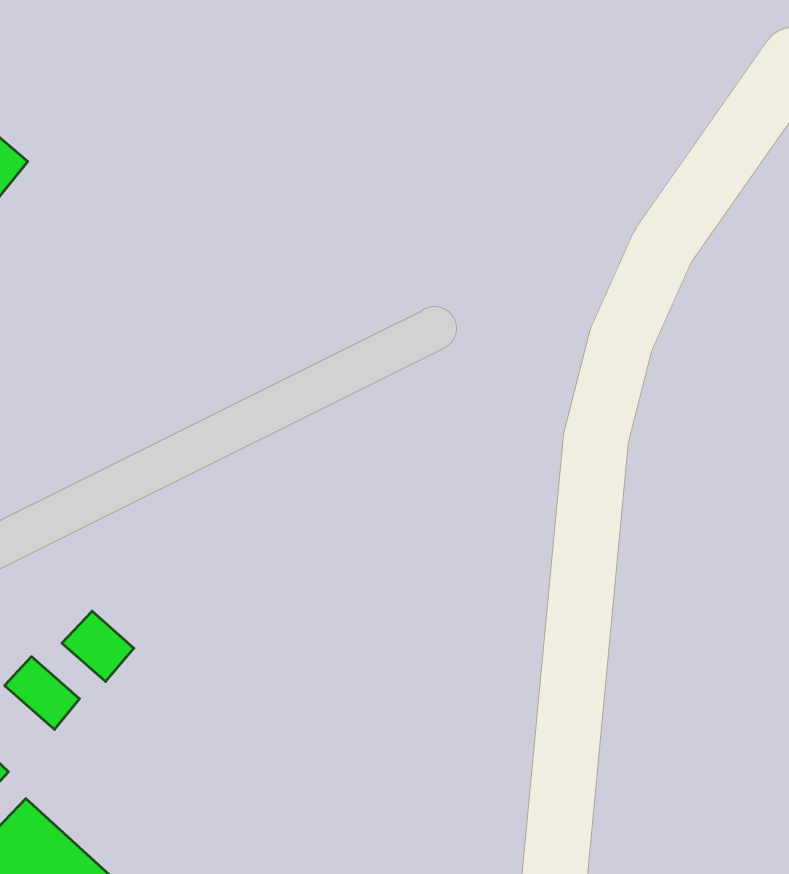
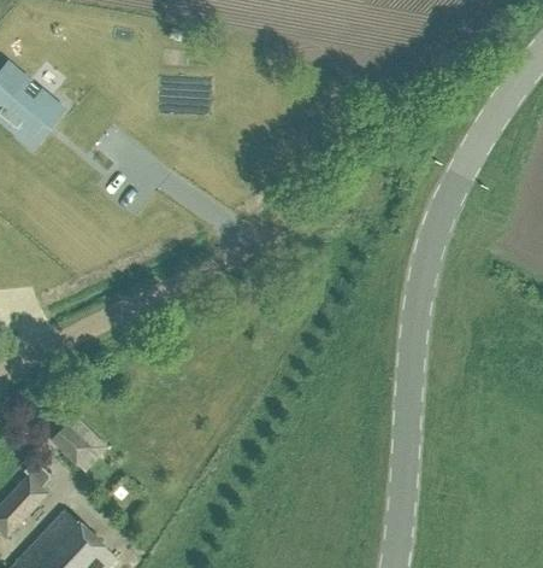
building: [62,611,134,682] -> none

